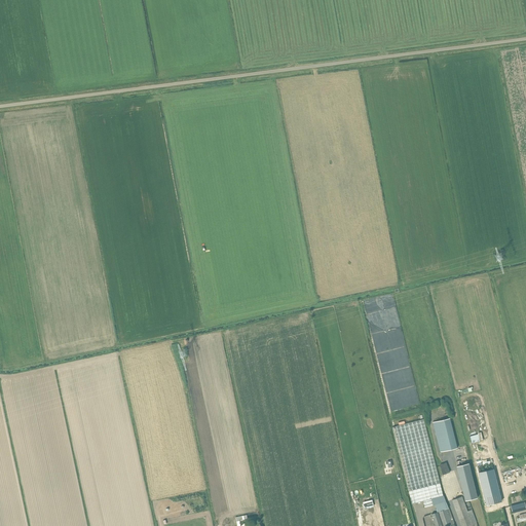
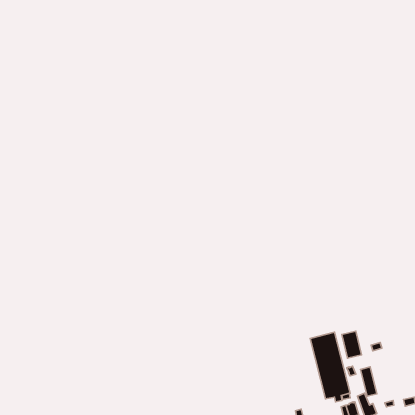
building: [478,469,501,505] -> none

